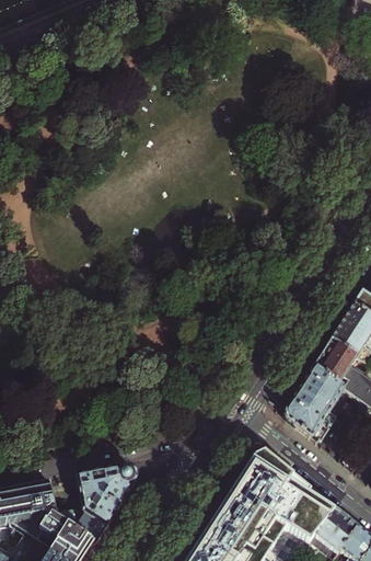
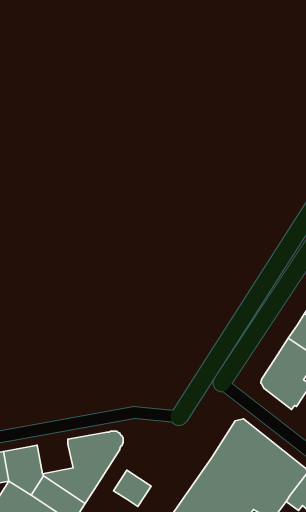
building: none -> [113,470,151,507]

